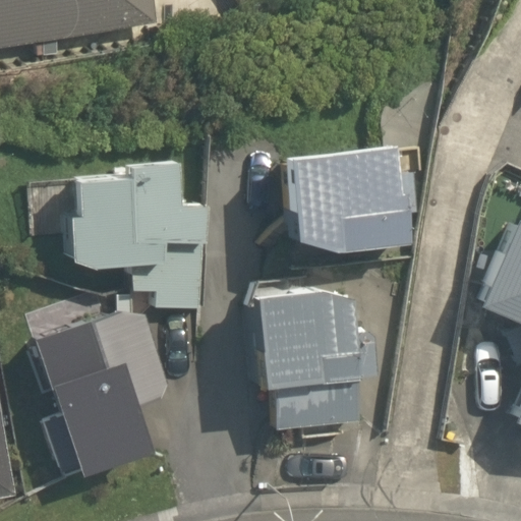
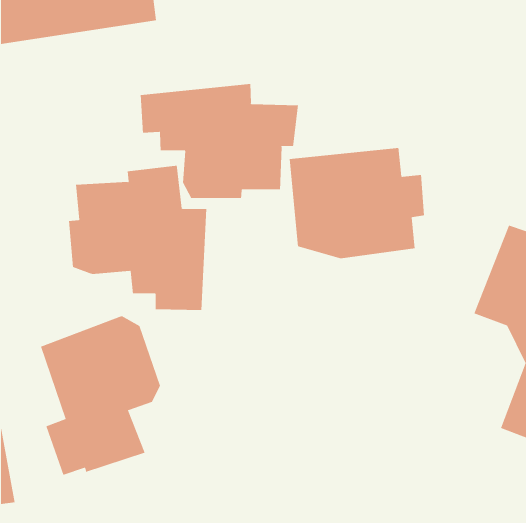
building: none -> [140,83,299,199]
building: [255,293,375,428] -> none

